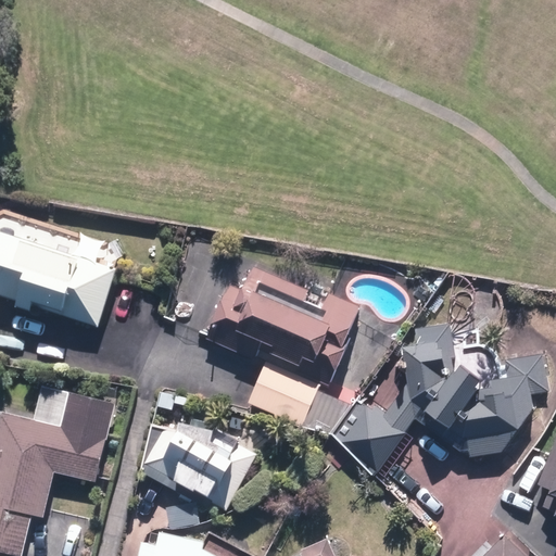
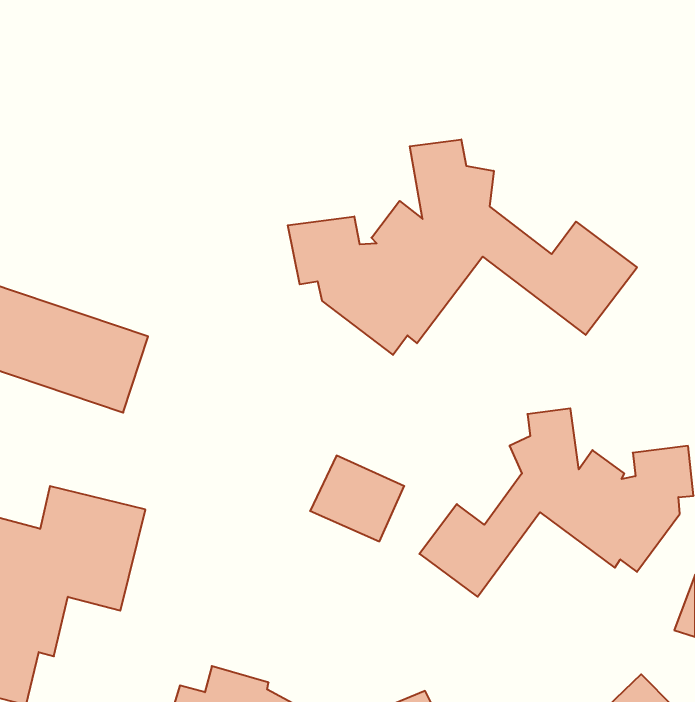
building: none -> [288,139,637,355]
building: [200,266,359,386] -> none
building: [140,419,255,513] -> none

